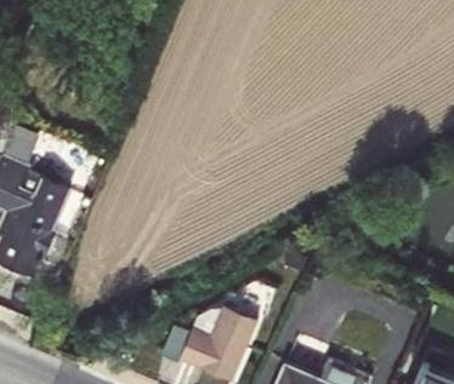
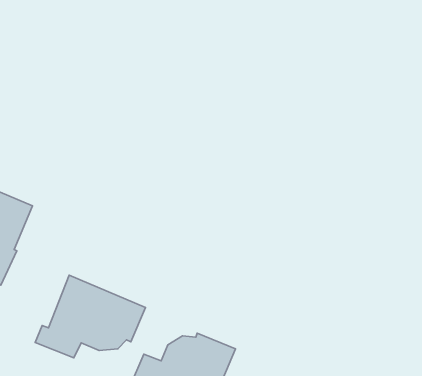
building: none -> [35,275,146,358]

